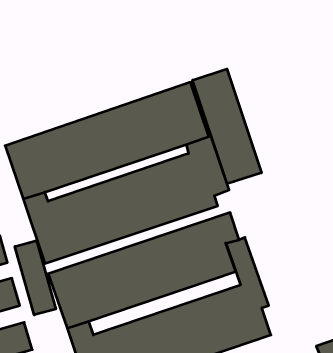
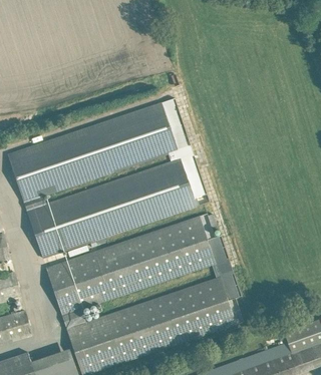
building: [193,69,261,184] -> none
building: [15,241,56,315] -> none

